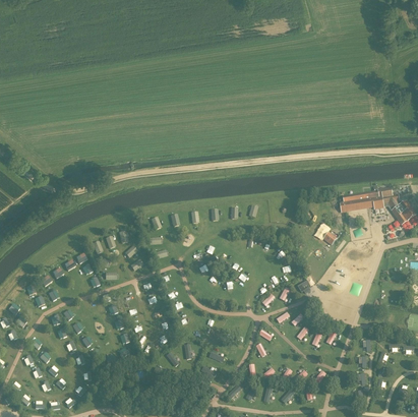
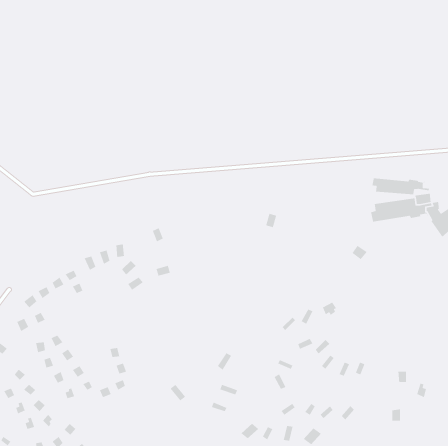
building: none -> [371,176,430,195]

